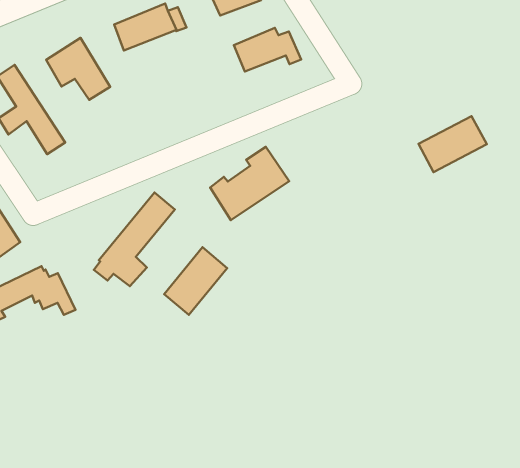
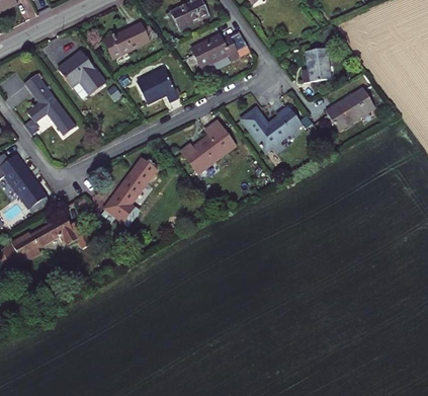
building: none -> [302,47,330,82]
building: none -> [136,68,178,103]
building: none -> [239,105,302,152]
building: [164,247,227,315] -> none

